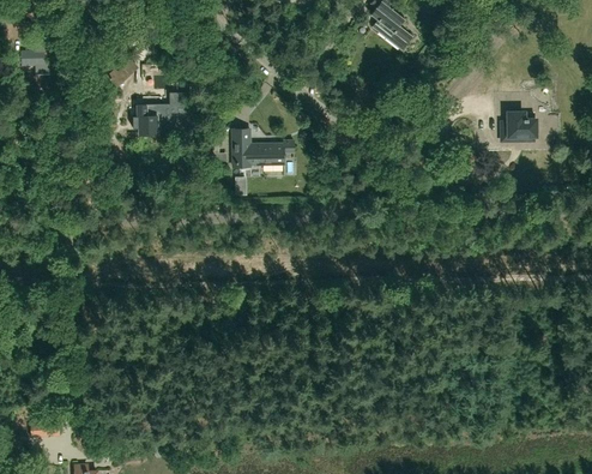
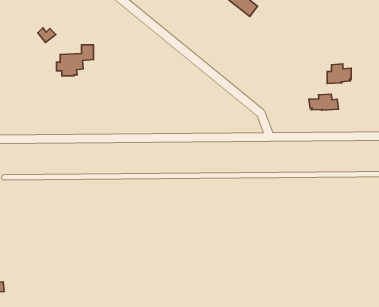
building: [231,128,294,167] -> none
building: none -> [309,94,338,110]

